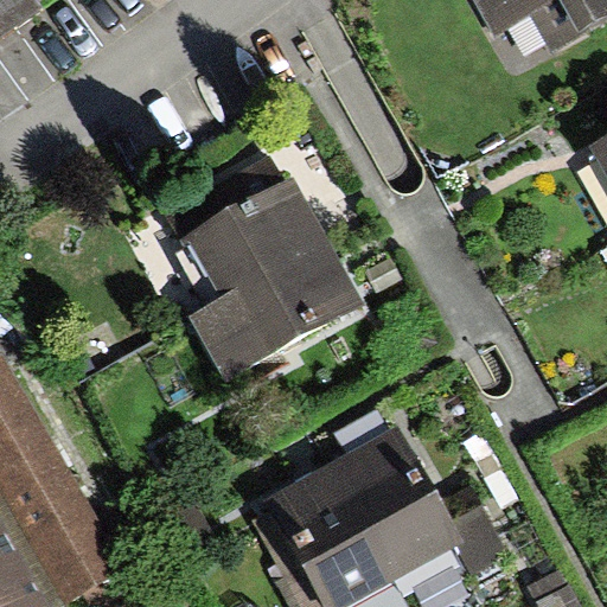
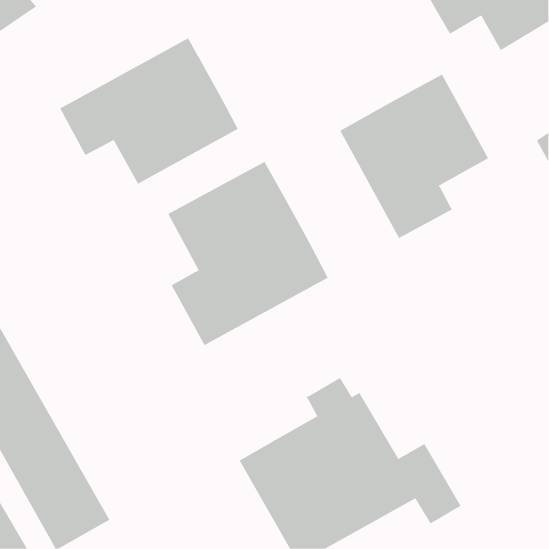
building: none -> [59,38,238,184]
building: none -> [339,74,489,239]

